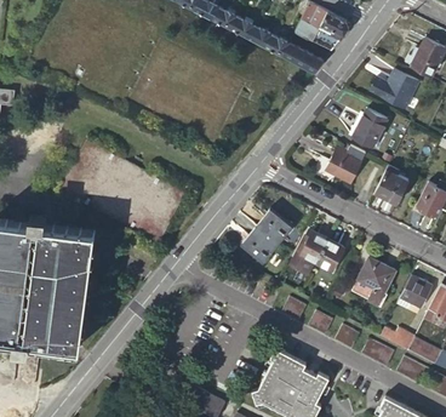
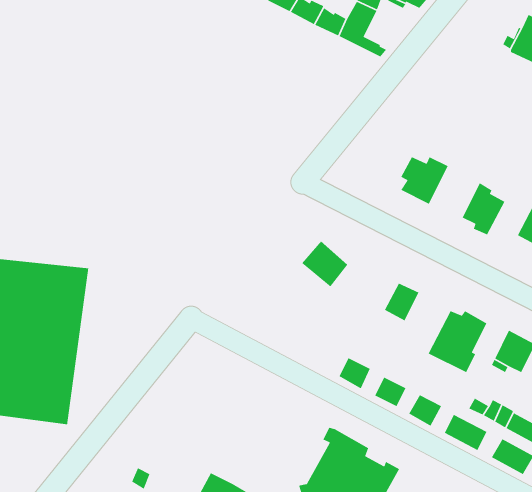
building: [368,68,418,108] -> none
building: [353,109,385,147] -> none
building: [239,225,276,263] -> none
building: [290,232,327,275] -> none

